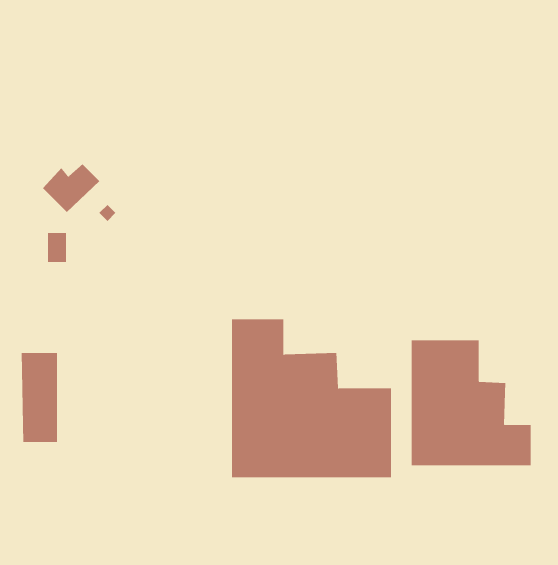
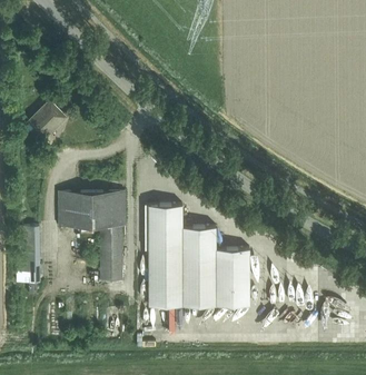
building: none -> [58,193,125,283]
building: [411,339,531,466] -> none

